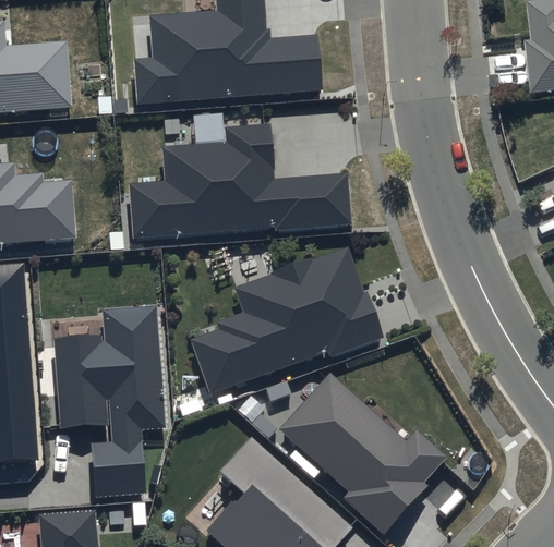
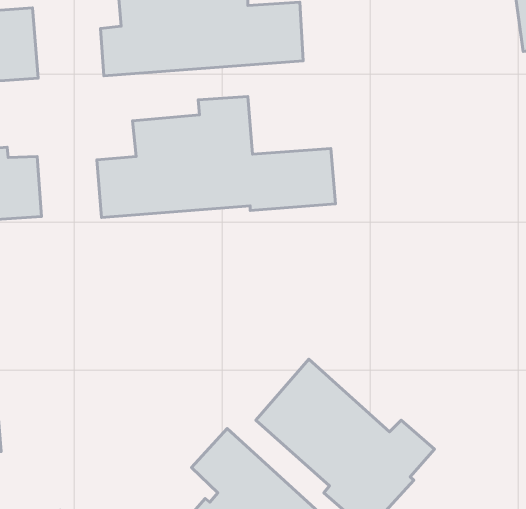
building: [191,248,384,392] -> none
building: [53,306,167,499] -> none

